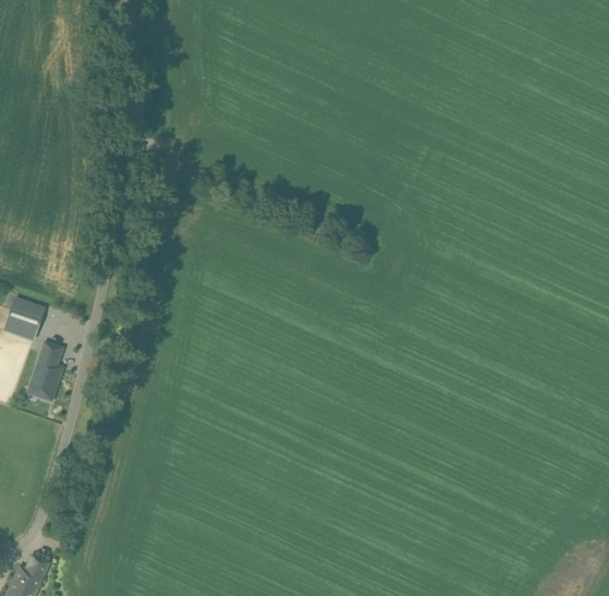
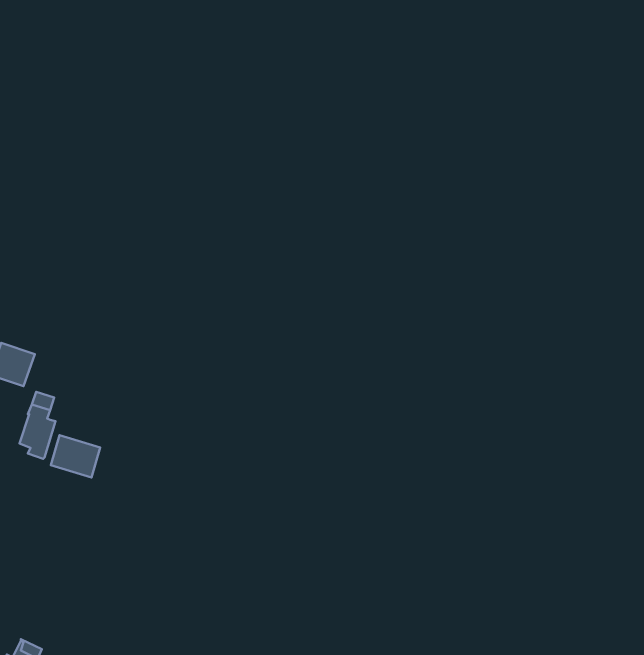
building: none -> [51,435,100,478]

